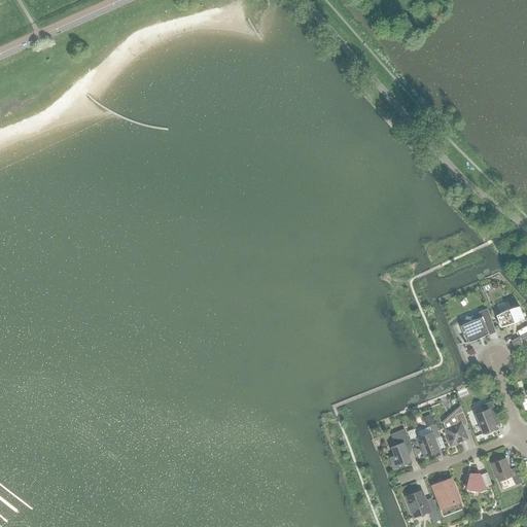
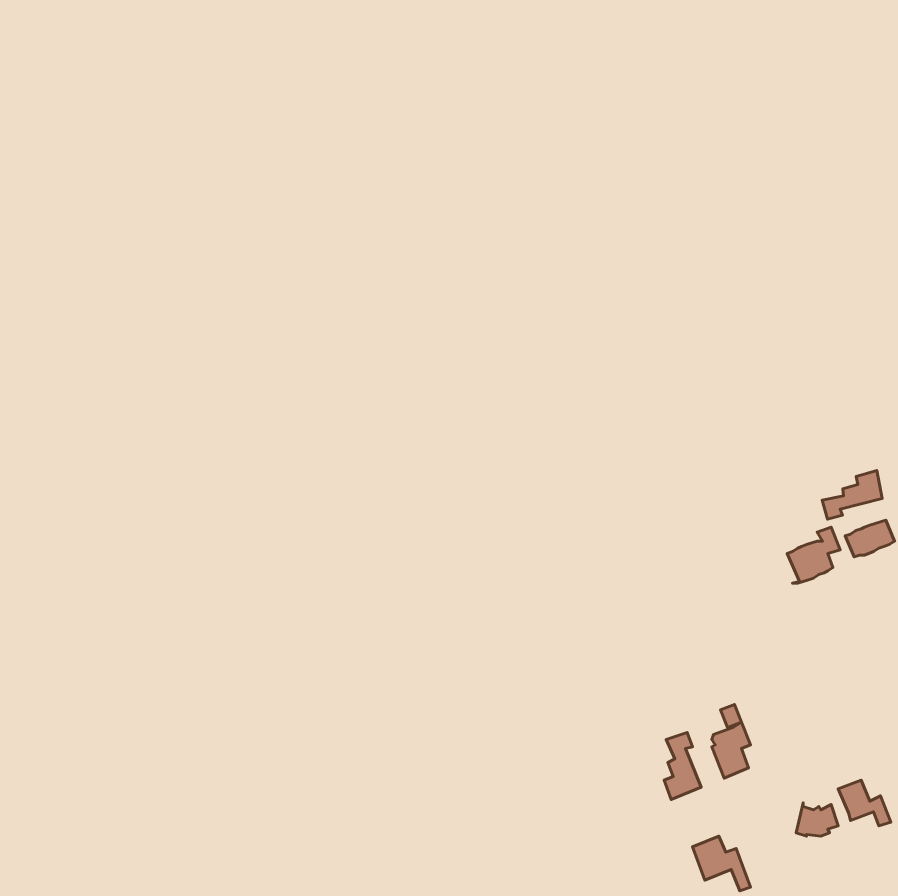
building: none -> [822,470,882,519]
building: [475,400,497,432] -> none
building: [442,411,468,446] -> none
building: [433,479,461,515] -> none

